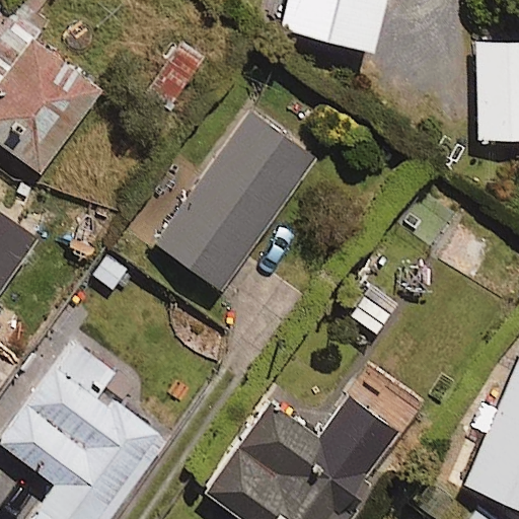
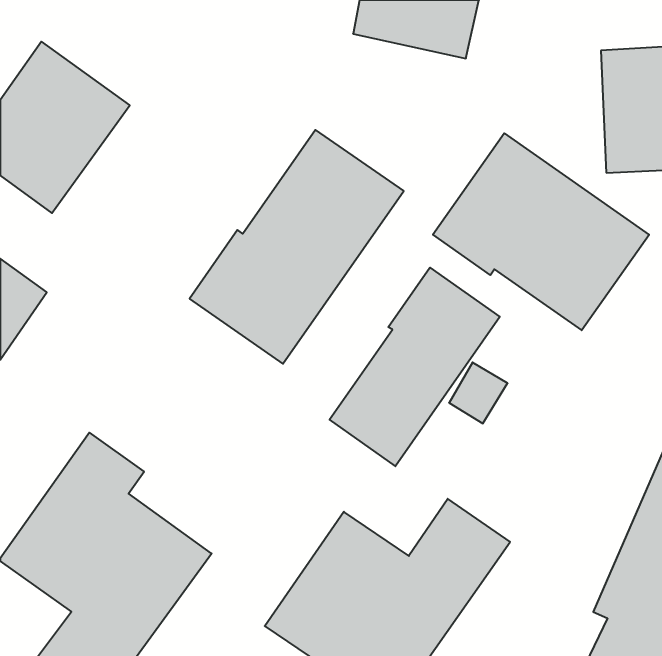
building: none -> [433,133,649,330]
building: none -> [330,268,500,466]

